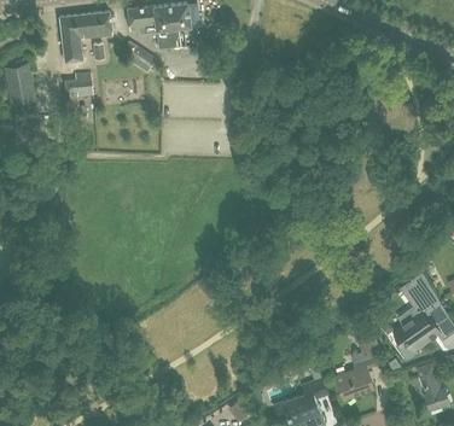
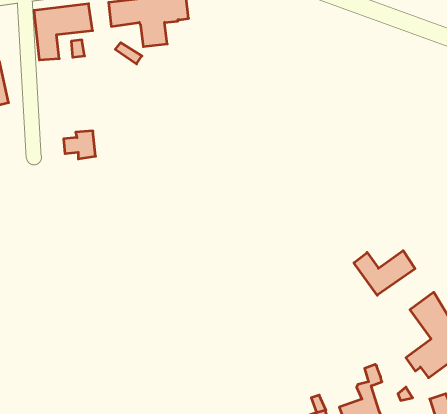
building: [63,74,92,99] -> [64,131,96,159]
building: none -> [354,251,415,295]

